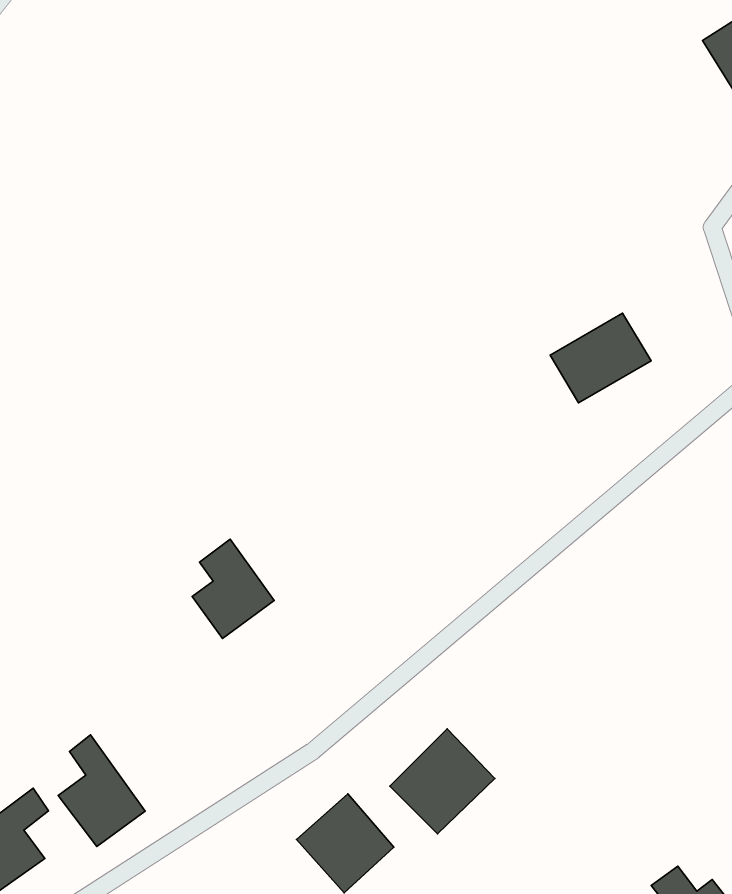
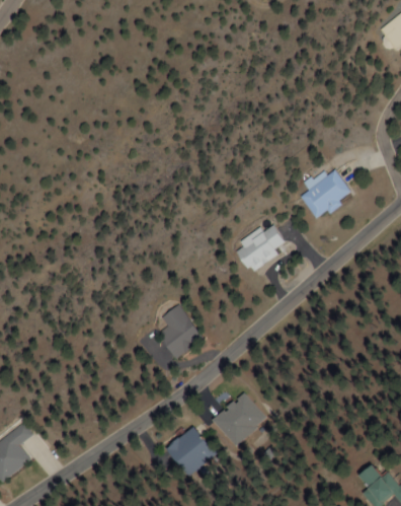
building: none -> [233,221,285,273]
building: [192,539,274,639] -> [157,304,200,357]
building: [58,735,145,846] -> none

